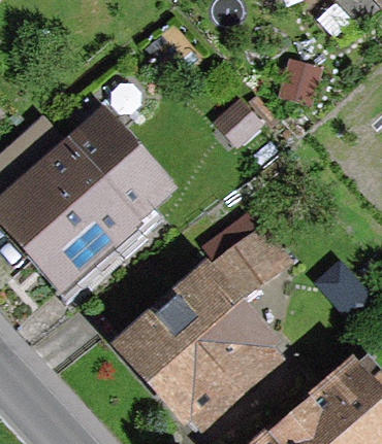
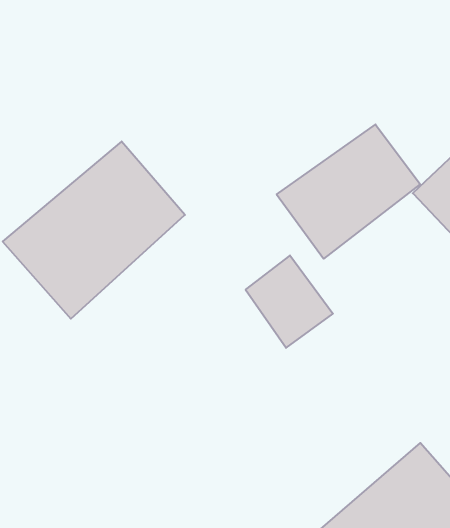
building: none -> [277,124,420,259]
building: [134,277,282,425] -> none

